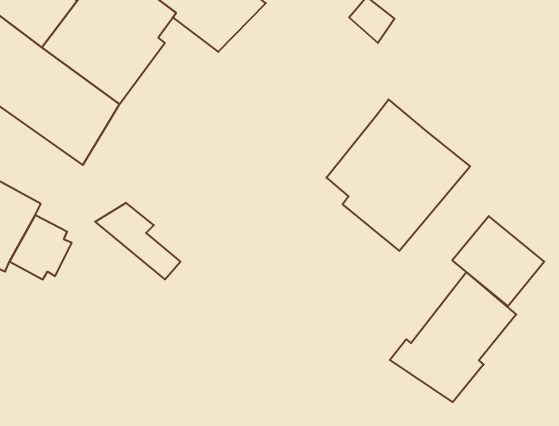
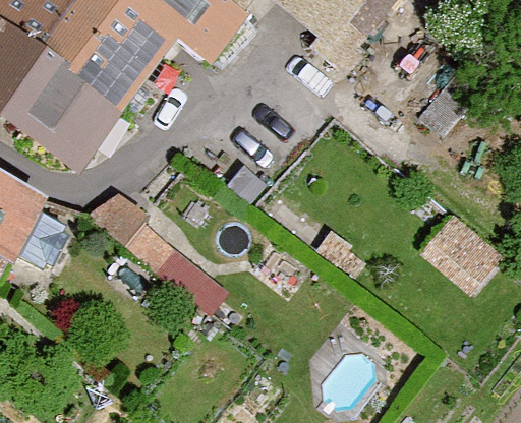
building: [326,99,470,251] -> none
building: [390,272,516,402] -> none

